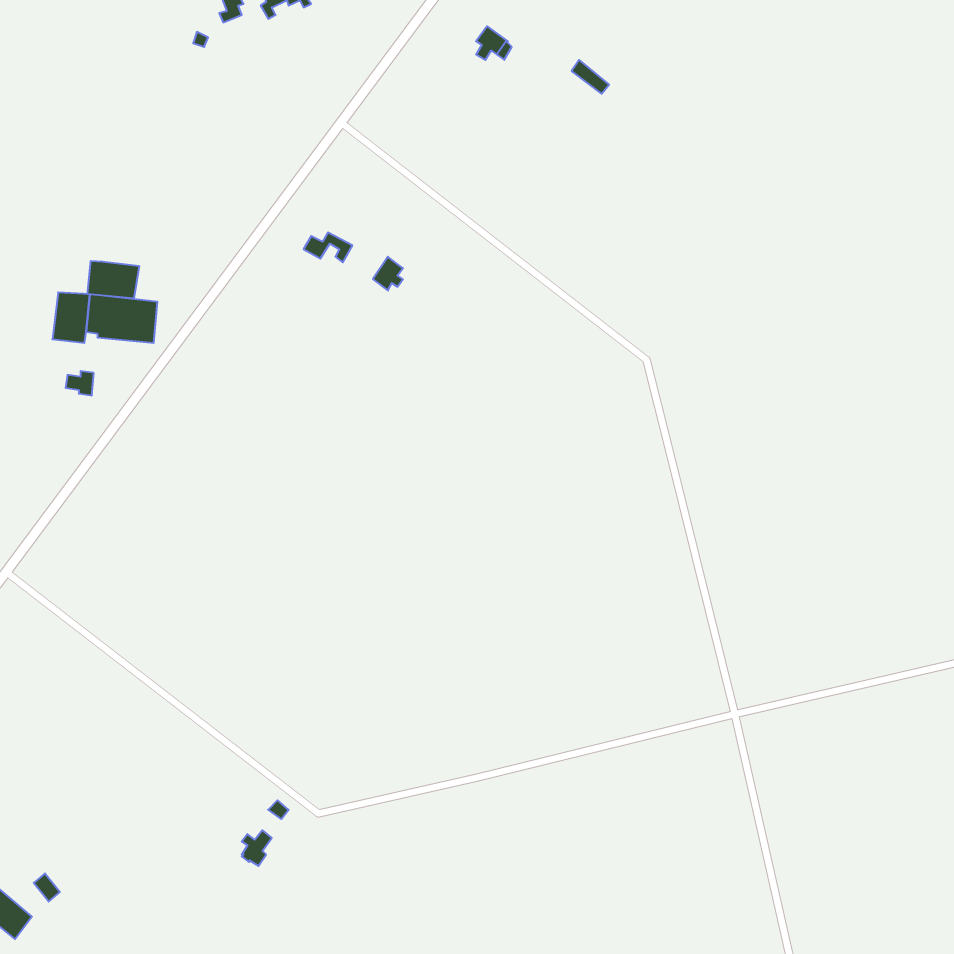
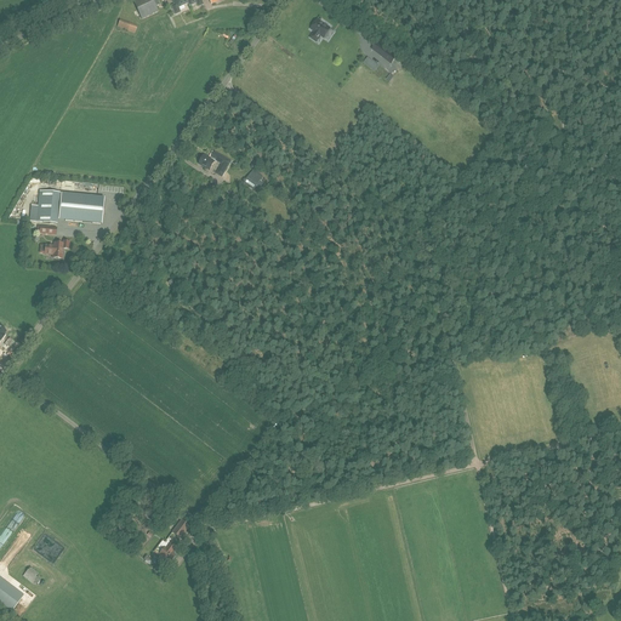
building: [87,261,139,299] -> none

